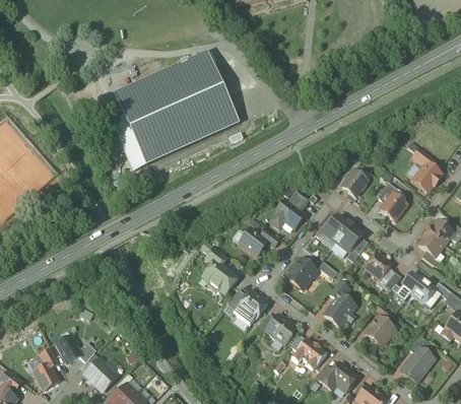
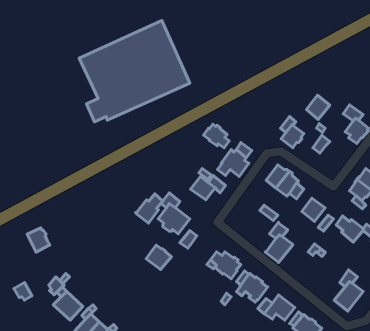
building: none -> [204,124,229,148]
building: [380,193,406,220] -> [307,95,330,119]
building: none -> [136,194,163,223]
building: [285,258,316,289] -> none
building: [239,290,267,318] -> [146,245,171,269]
building: [364,318,394,344] -> none
building: [56,337,81,364] -> [27,228,50,252]
building: [31,364,58,390] -> none

